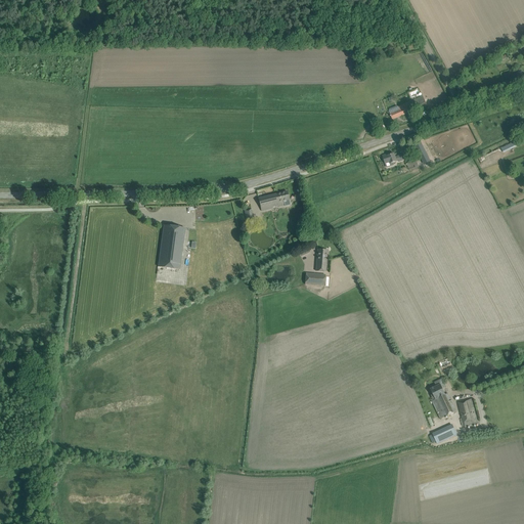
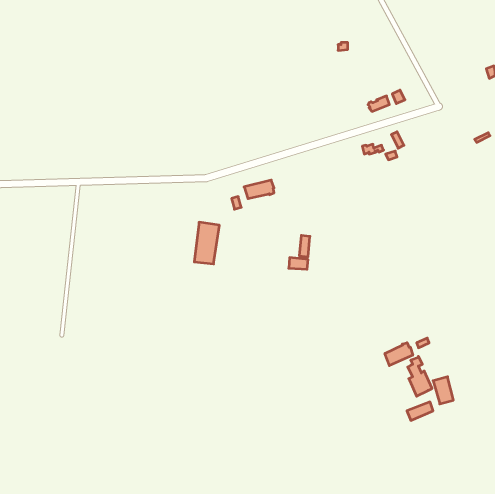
building: [159,224,185,268] -> [194,222,219,264]
building: none -> [385,343,413,366]

